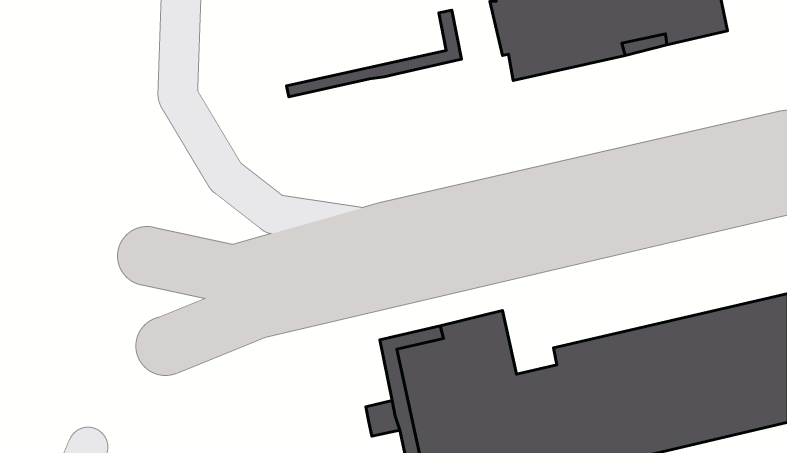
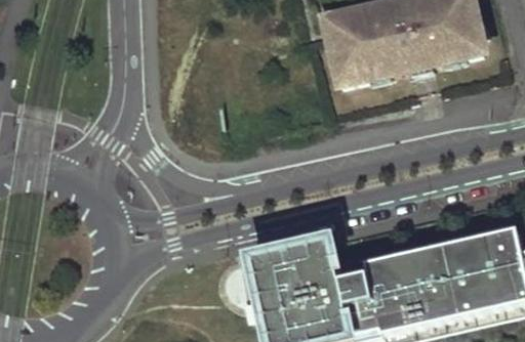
building: [287,10,461,97] -> none

